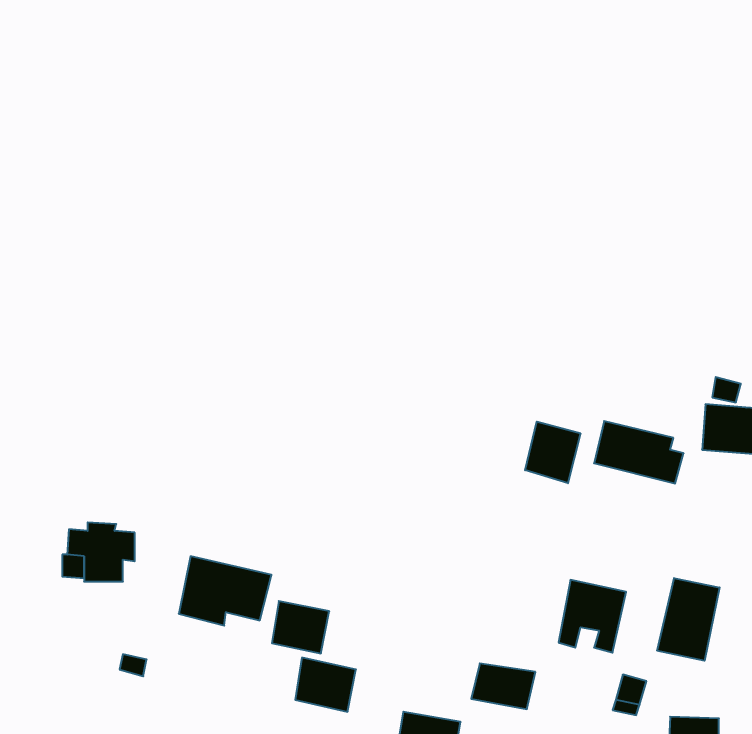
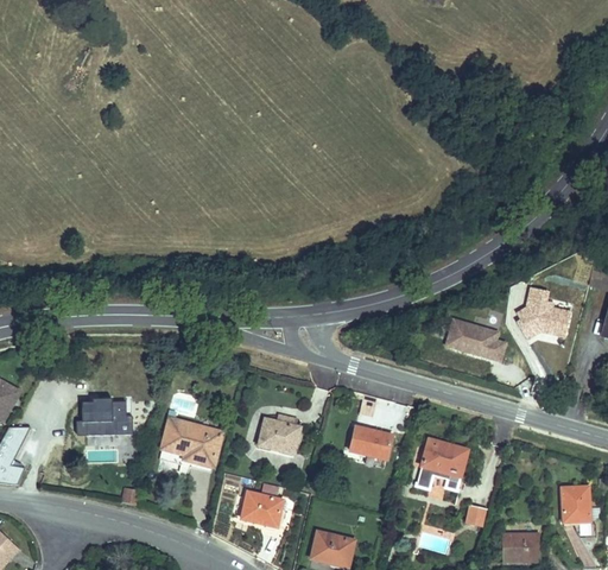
building: [525,422,580,483] -> none
building: [657,578,720,661] -> none
building: [272,601,329,653] -> [258,413,298,450]
building: [471,663,535,709] -> [350,419,395,451]

